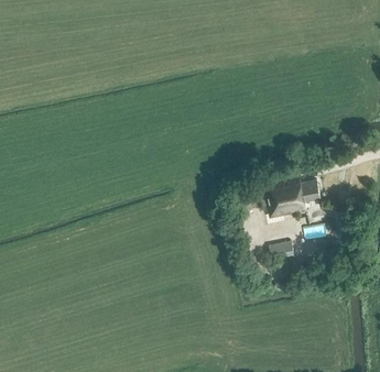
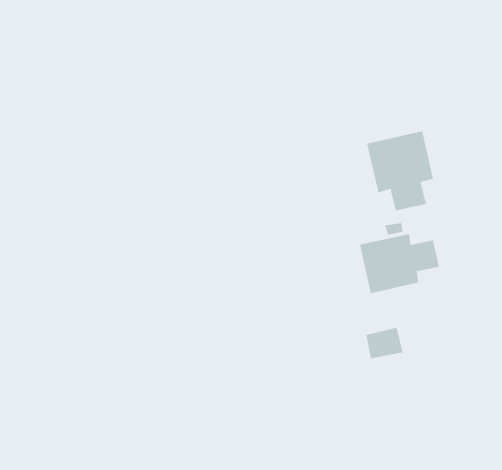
building: none -> [366,131,434,211]

